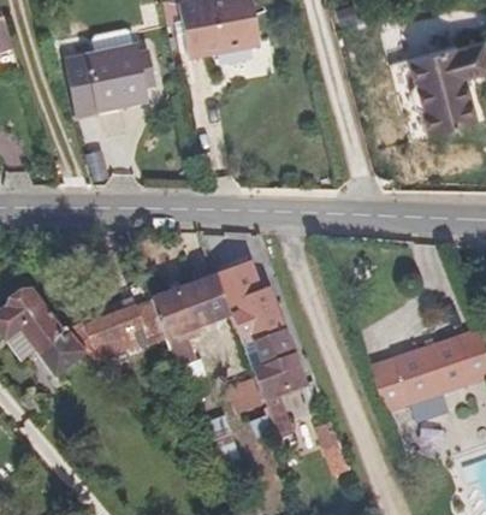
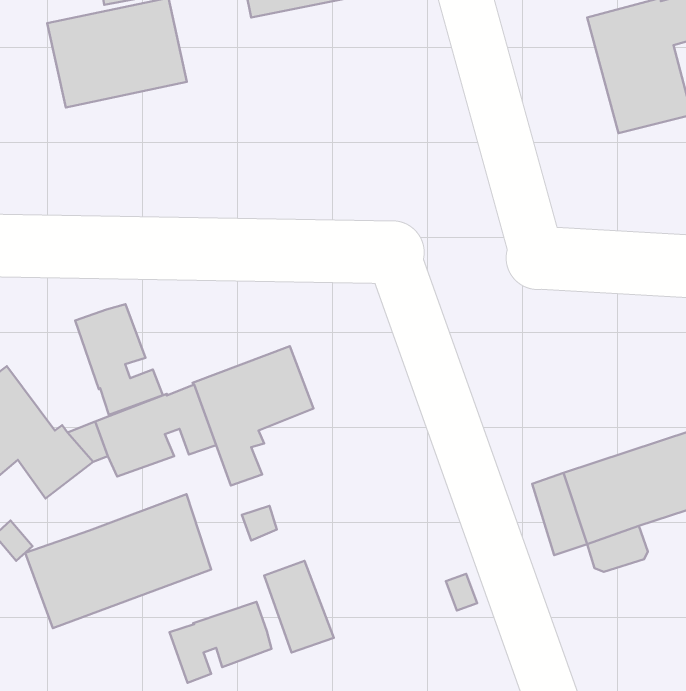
building: none -> [75,304,163,415]
building: [213,256,306,438] -> none
building: none -> [25,494,211,628]
building: none -> [169,602,272,683]

